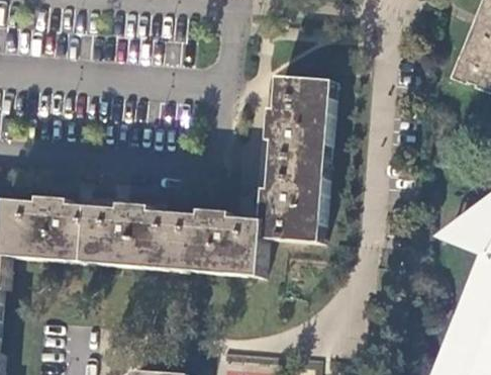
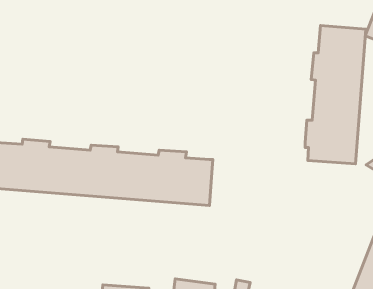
building: [264,76,335,240] -> [305,26,366,164]

